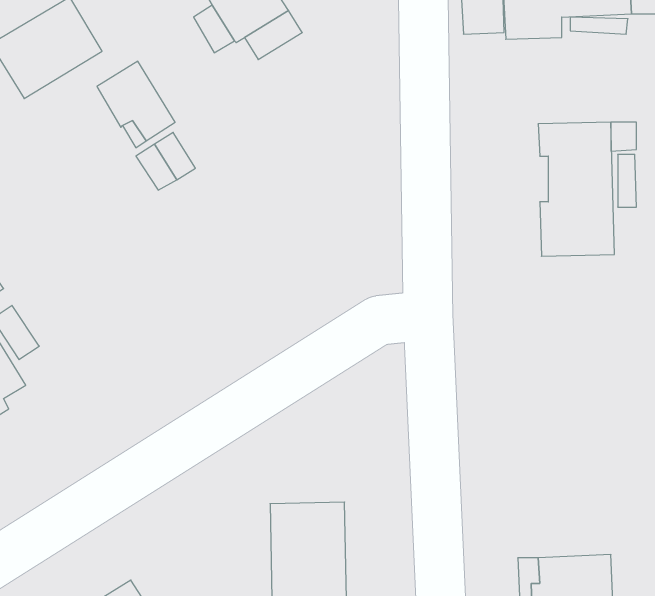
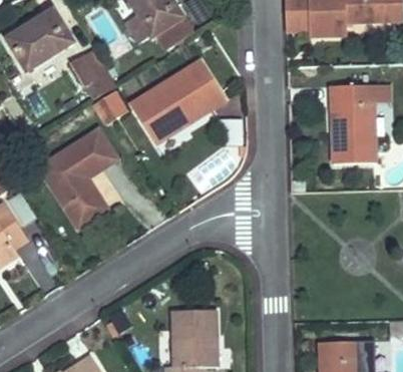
building: none -> [130,60,225,141]
building: none -> [39,129,115,228]

